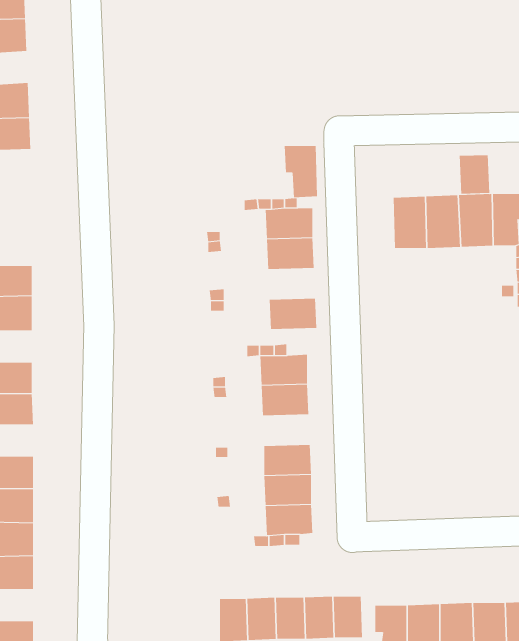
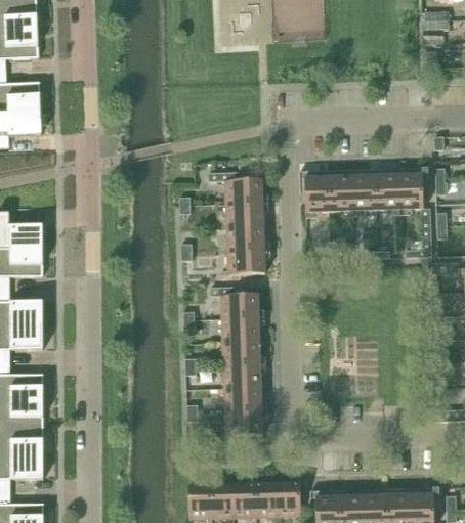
building: [284,145,318,198] -> [299,173,326,214]
building: [459,154,490,194] -> none
building: none -> [226,228,264,253]
building: none -> [222,343,260,367]

